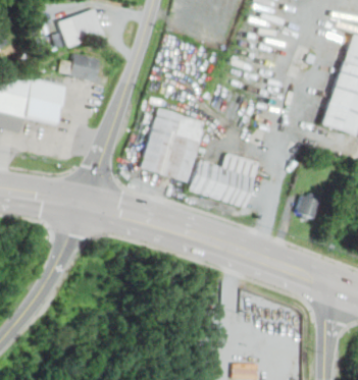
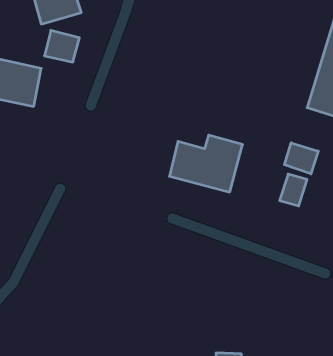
building: [140,107,204,182] -> none
building: none -> [284,143,318,174]

